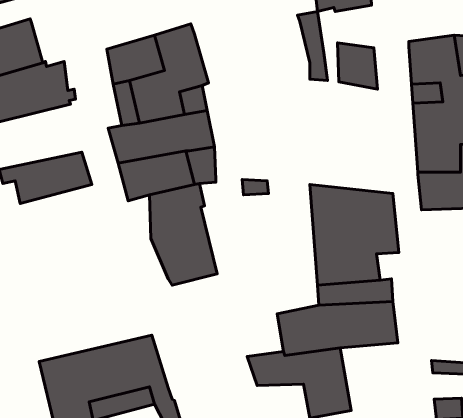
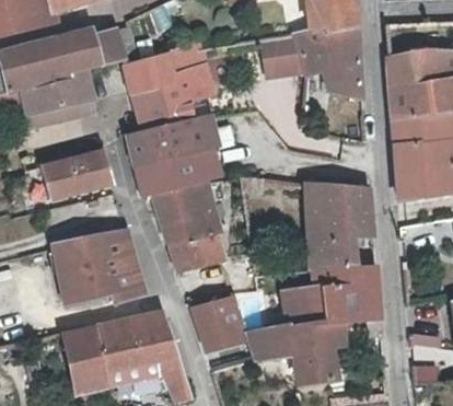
building: none -> [309,24,358,91]
building: none -> [59,30,124,74]
building: none -> [259,38,301,81]
building: none -> [46,230,144,308]
building: none -> [189,292,246,348]

